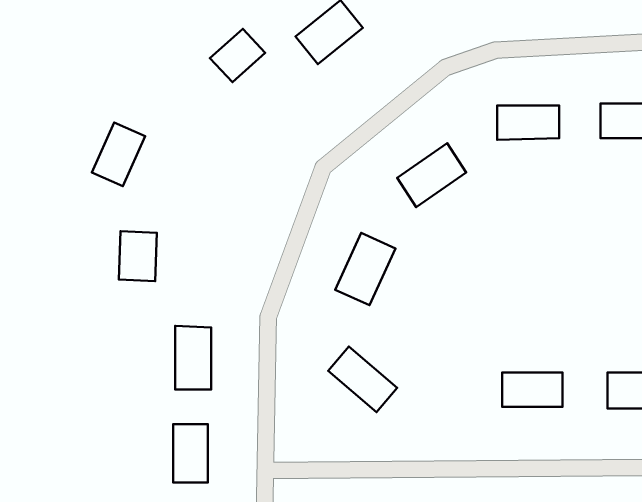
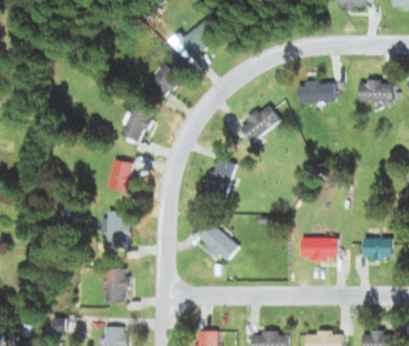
building: [210,29,265,82] -> [149,65,181,96]
building: [92,122,145,186] -> [120,106,151,143]
building: [119,231,157,281] -> [111,160,133,190]

